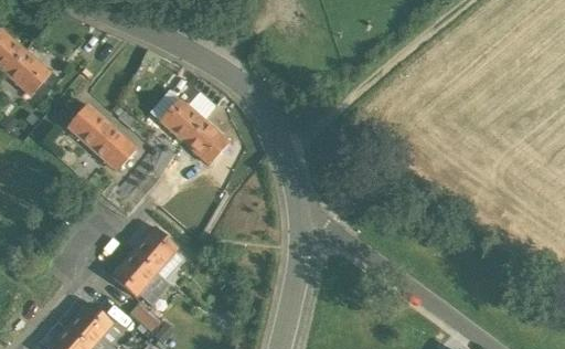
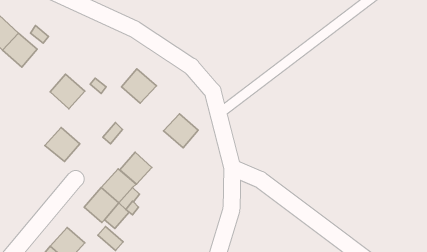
building: [185,119,231,163] -> [163,114,198,148]
building: [93,126,138,170] -> [45,128,80,162]
building: none -> [120,152,152,184]

